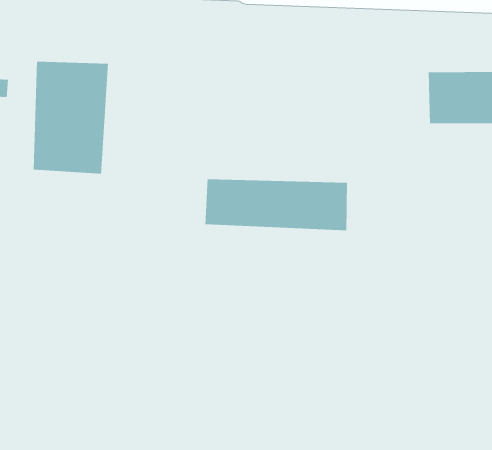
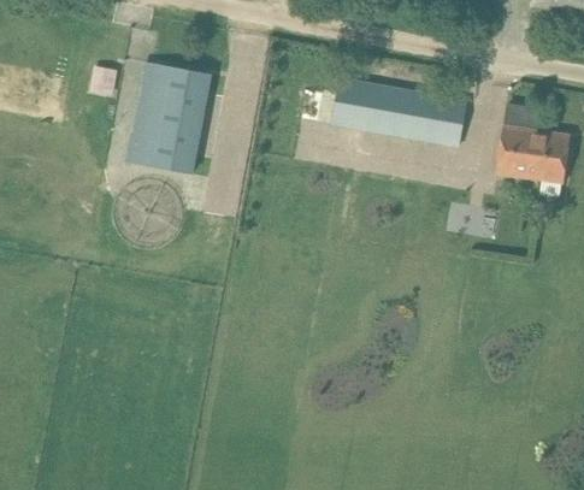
building: [204,178,348,231] -> [329,78,466,146]

